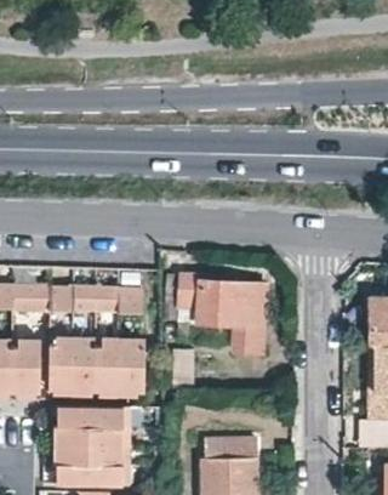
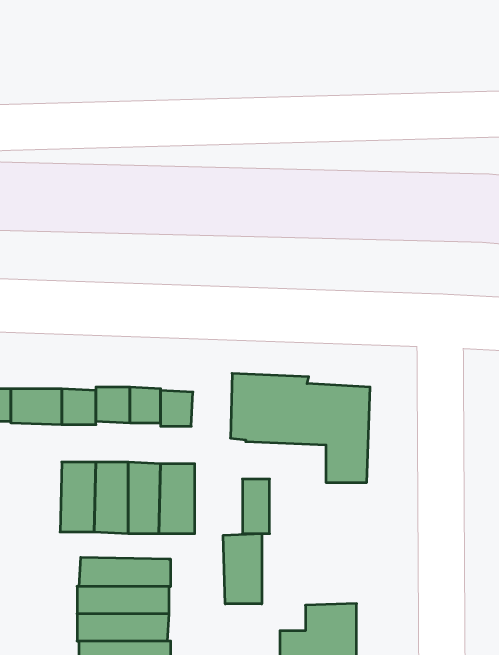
building: [10,342,38,393] -> none
building: none -> [223,534,262,604]

